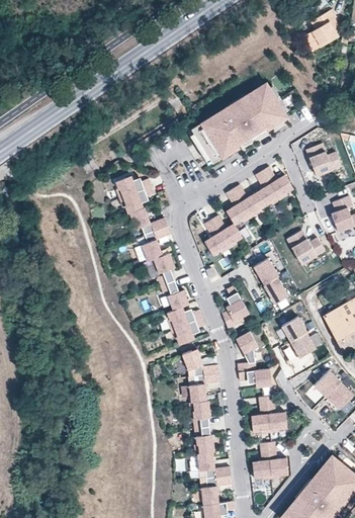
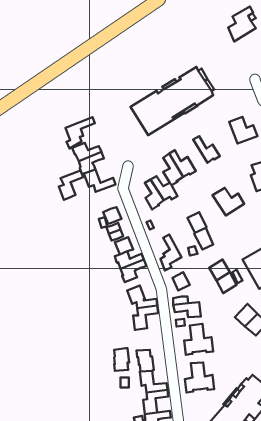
building: none -> [66,117,95,148]
building: [256,171,280,209] -> none
building: [143,226,172,261] -> [59,171,83,200]
building: [193,400,211,427] -> [114,348,129,371]

